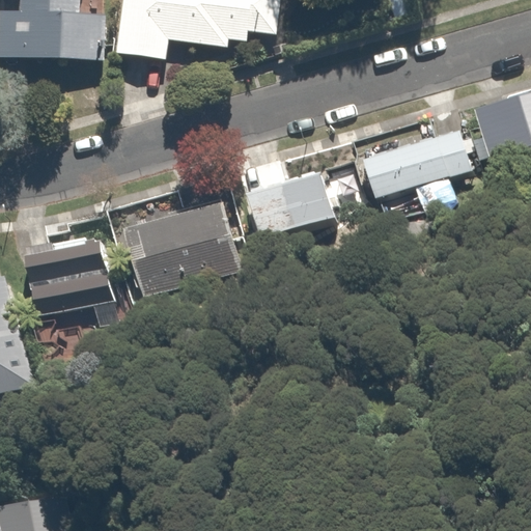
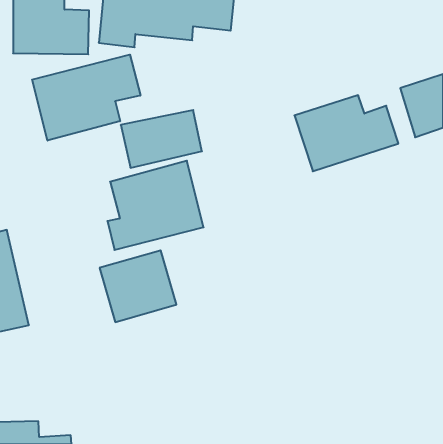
building: none -> [32,55,140,141]
building: [241,172,337,241] -> [121,110,202,168]
building: [17,236,108,322] -> [100,250,176,322]

